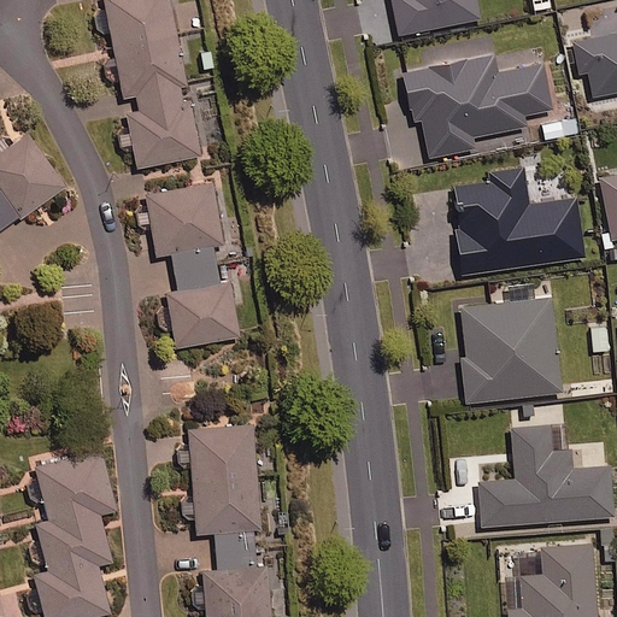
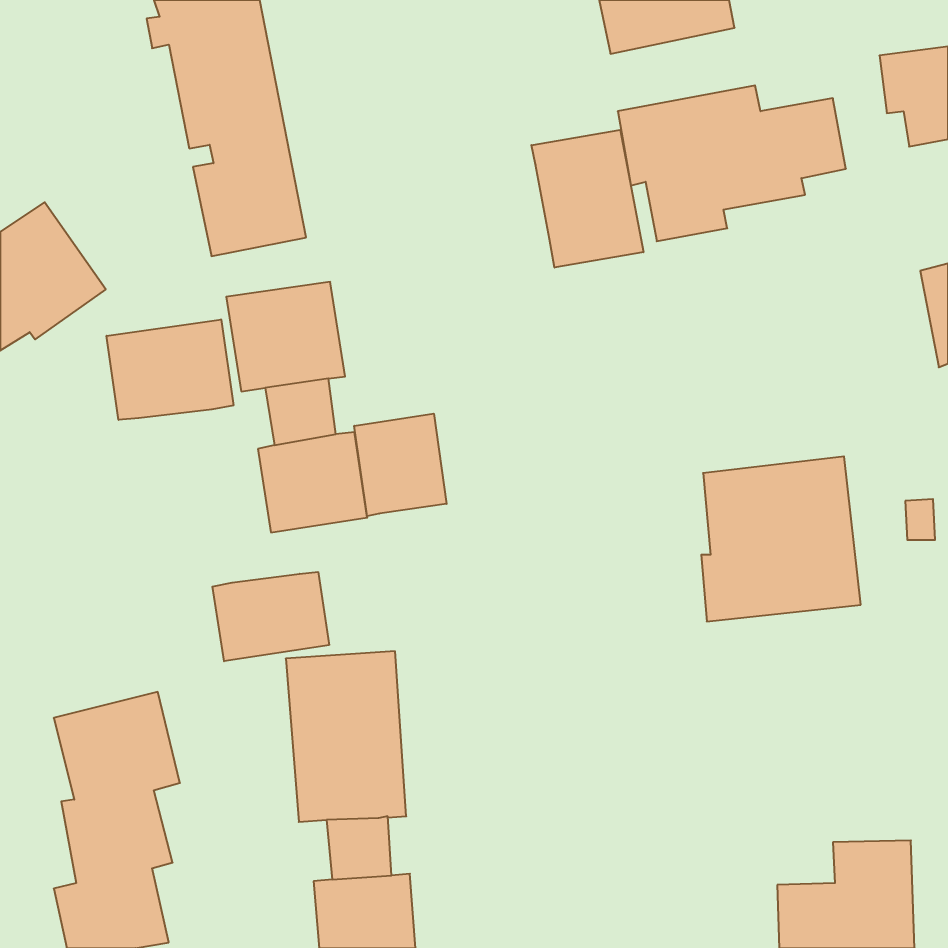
building: none -> [531,130,643,268]
building: [451,169,582,274] -> none
building: none -> [107,319,233,420]
building: none -> [354,414,447,516]
building: none -> [212,572,329,661]
building: [476,425,611,527] -> none

